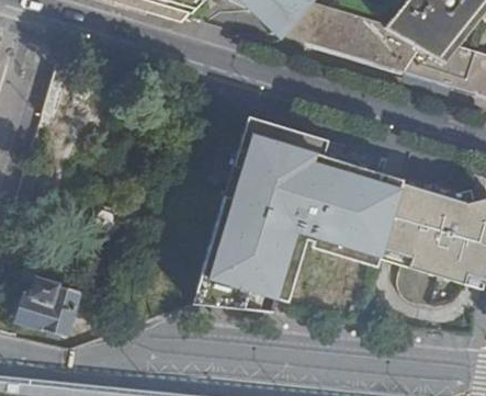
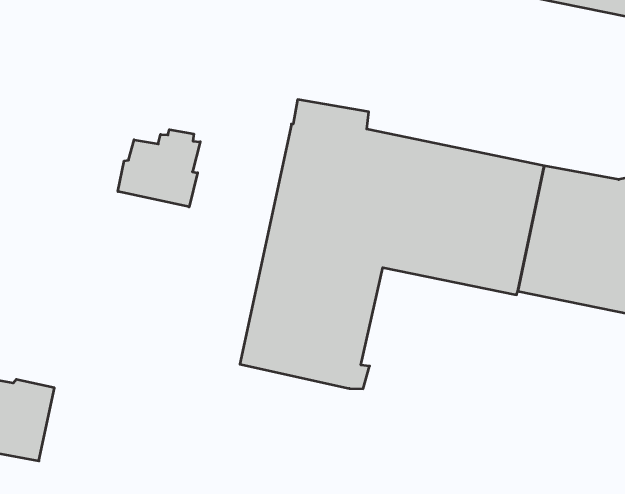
building: none -> [118,130,200,207]

